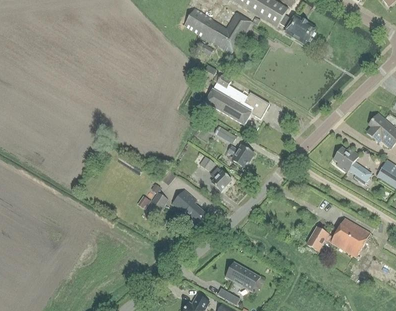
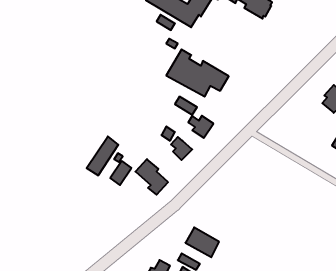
building: [333,146,371,184] -> none
building: none -> [87,136,118,176]
building: [306,217,369,256] -> none

